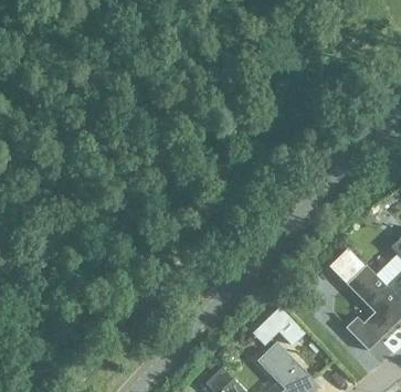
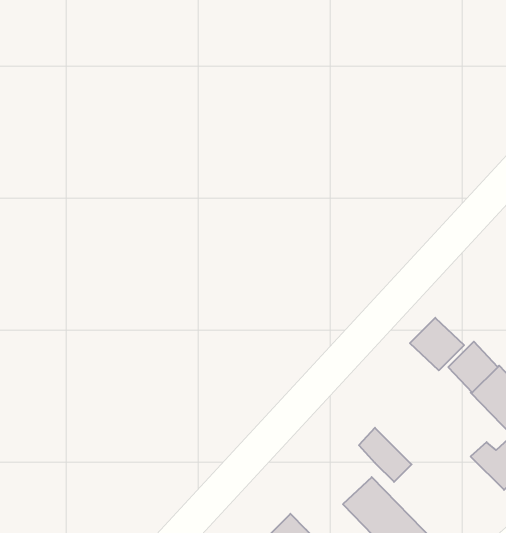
building: none -> [410,318,464,370]

